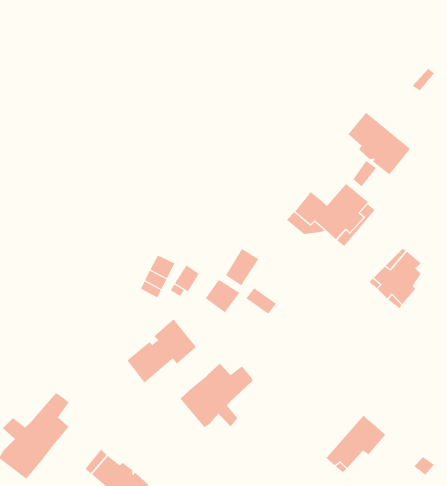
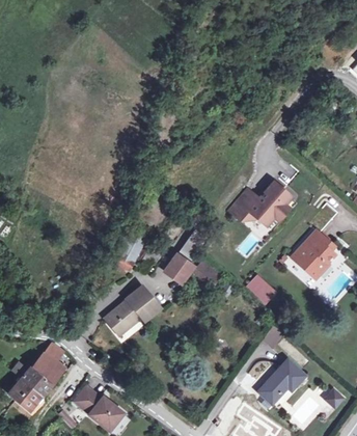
building: [348,112,410,175] -> none
building: none -> [247,274,279,305]
building: [180,363,253,428] -> none

